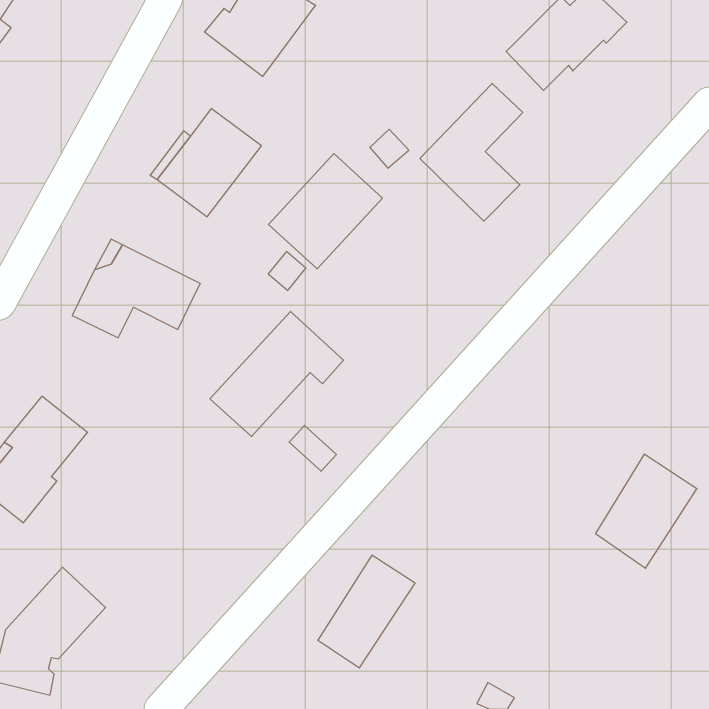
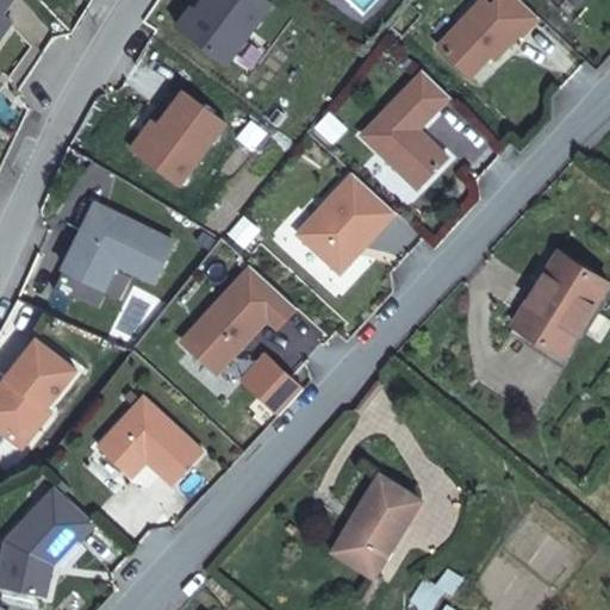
building: [268,154,382,269] -> [295,175,393,274]
building: [596,454,697,568] -> [516,255,603,353]
building: none -> [97,398,203,485]
building: [318,555,415,668] -> [334,475,417,572]

